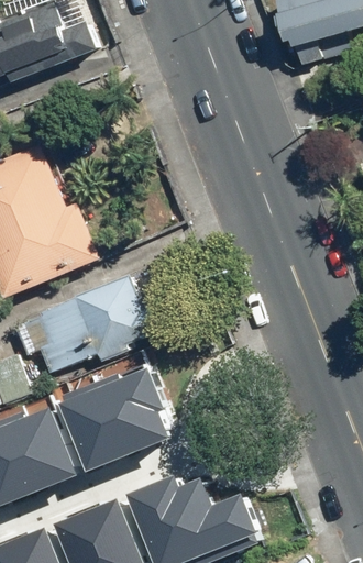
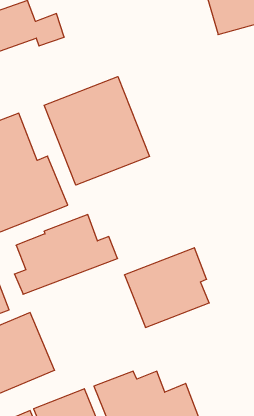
building: none -> [44,77,150,185]
building: [63,366,169,466] -> [124,248,209,327]

